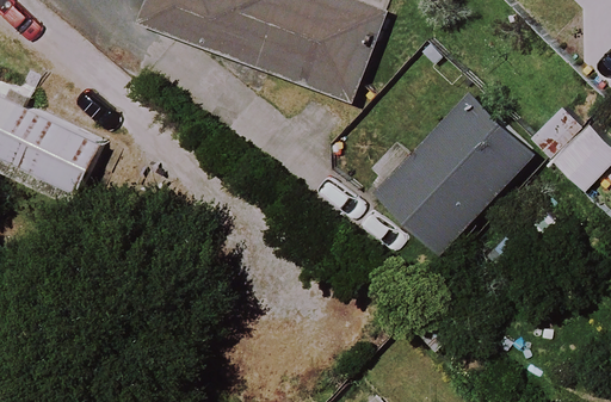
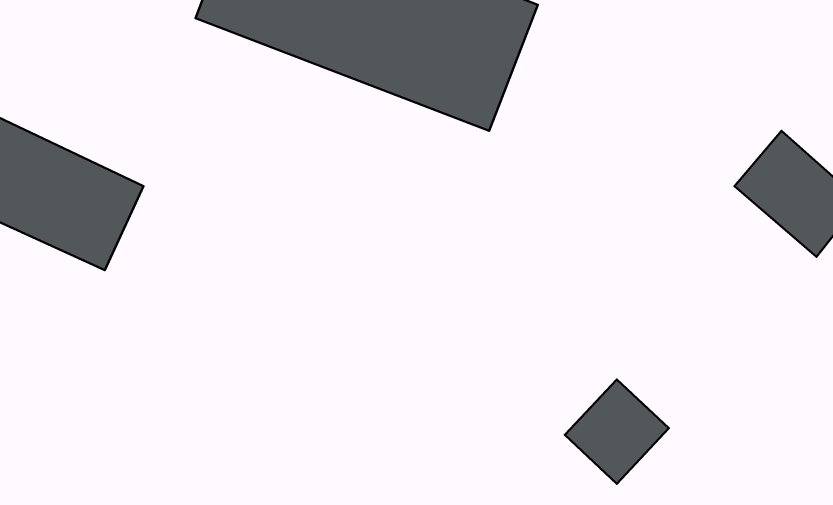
building: [375,92,558,251] -> none

